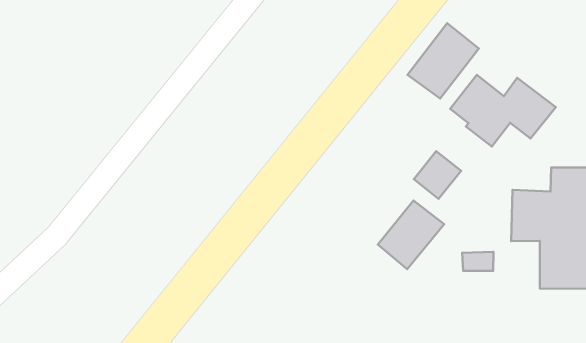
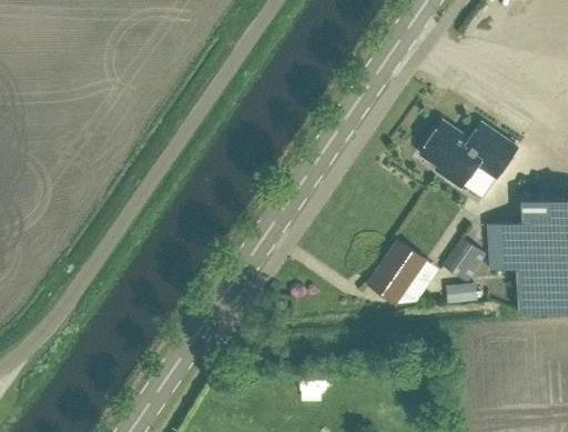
building: [408,23,479,98] -> none
building: [414,151,461,199] -> [442,238,485,282]

